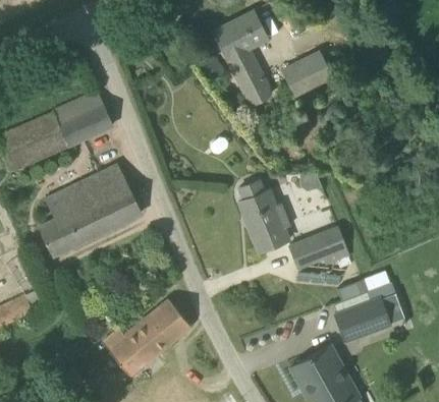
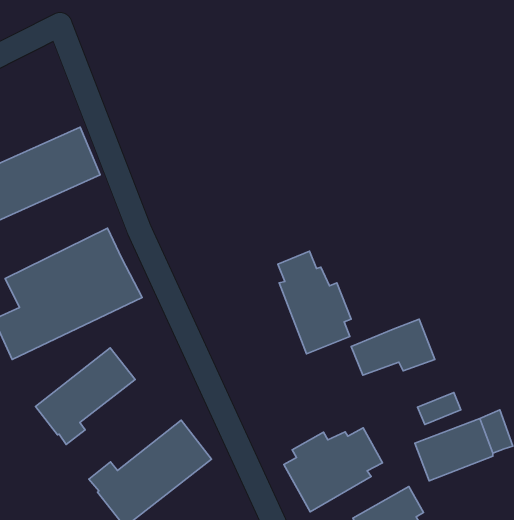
building: [213,12,271,105] -> none
building: [282,52,332,99] -> none
building: none -> [36,348,135,444]
building: none -> [284,428,382,512]

